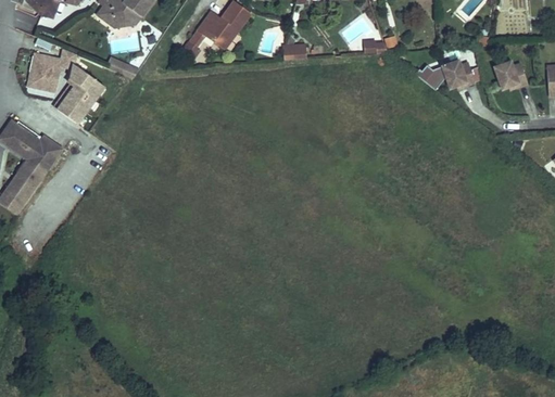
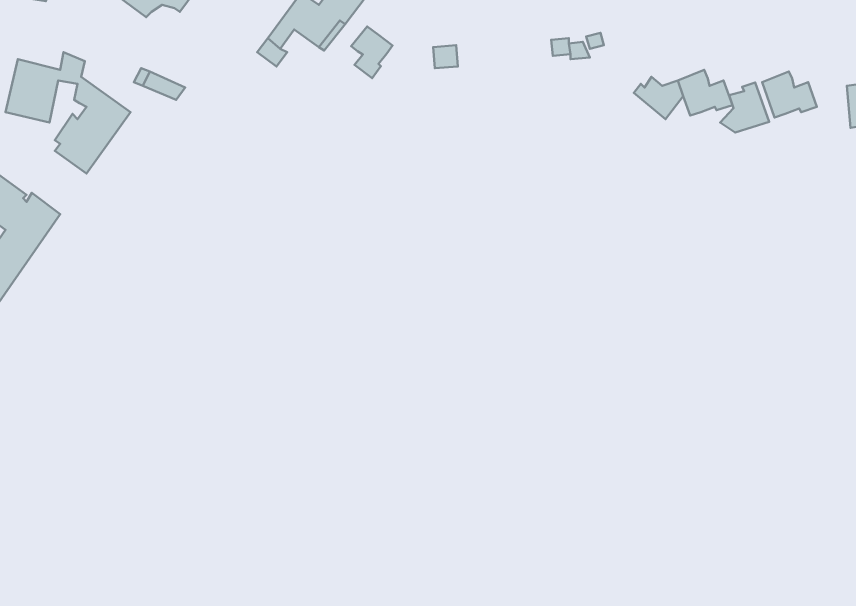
building: none -> [351,27,392,78]
building: none -> [720,82,769,132]

